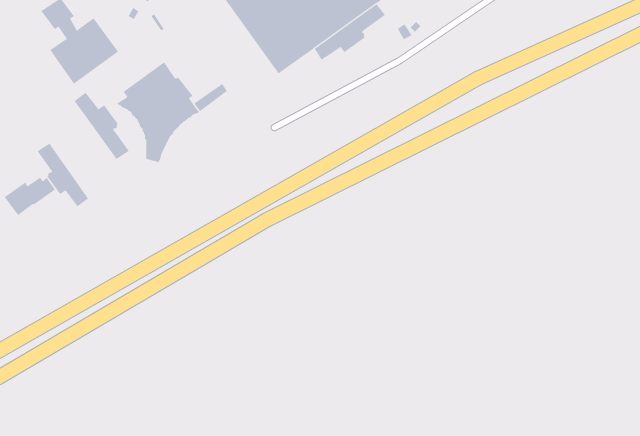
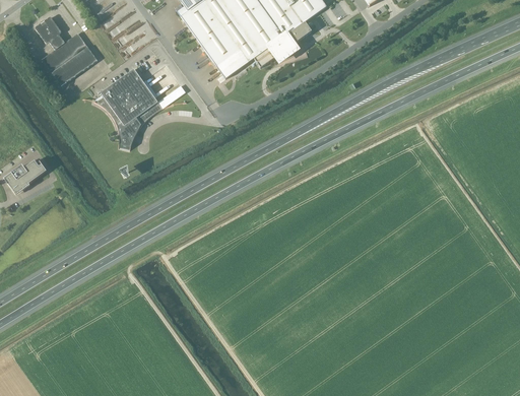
building: [74,92,129,160] -> none
building: [37,143,89,207] -> none

